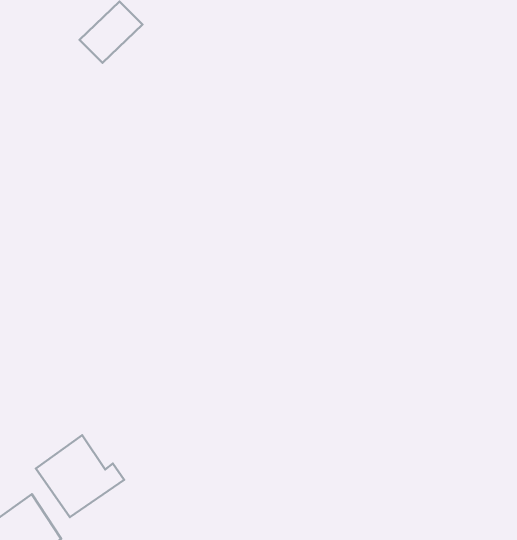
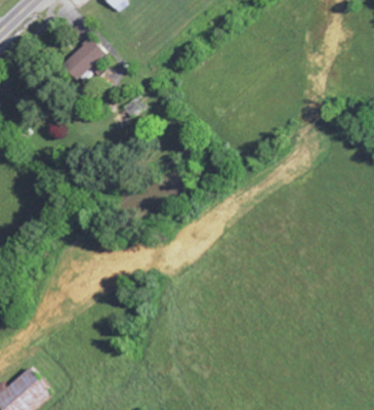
building: [36,435,124,517] -> none

